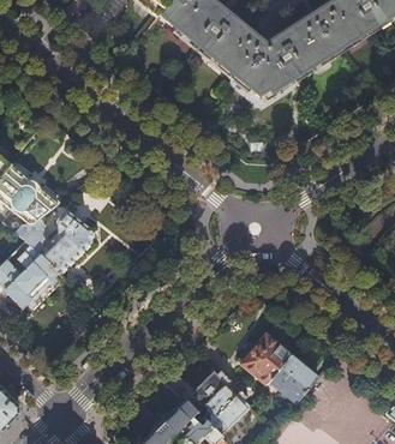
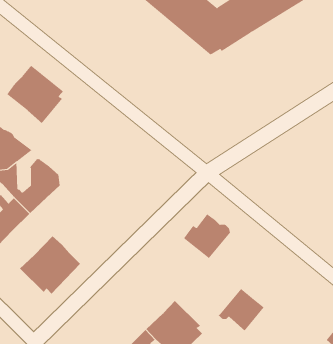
building: none -> [6,65,64,124]
building: none -> [19,235,81,294]
building: [238,334,291,384] -> [183,213,231,259]

